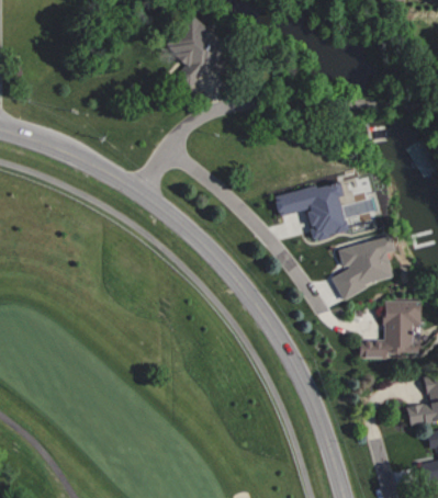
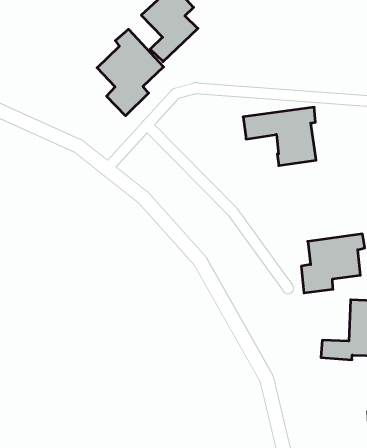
building: none -> [97,29,164,116]
building: [274,181,347,239] -> [243,107,316,166]

